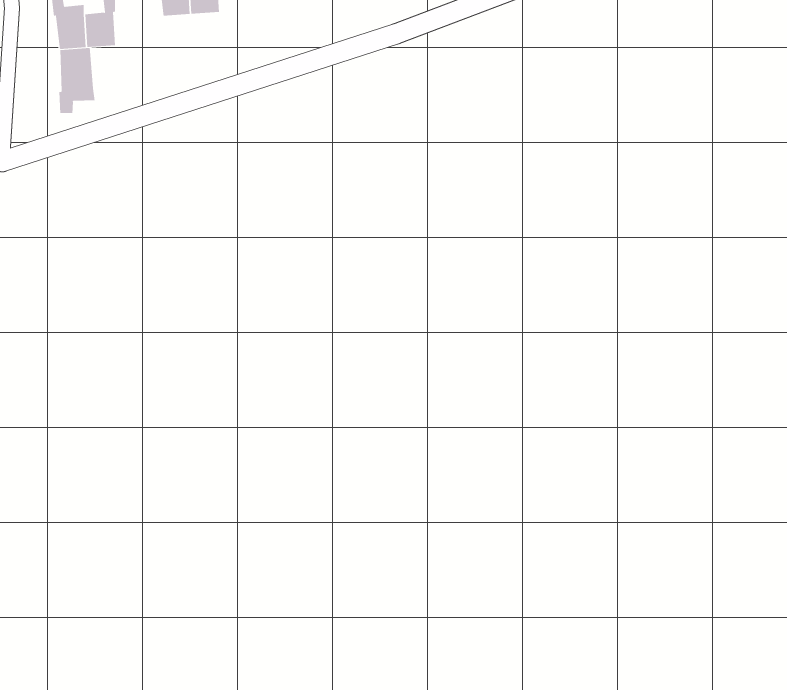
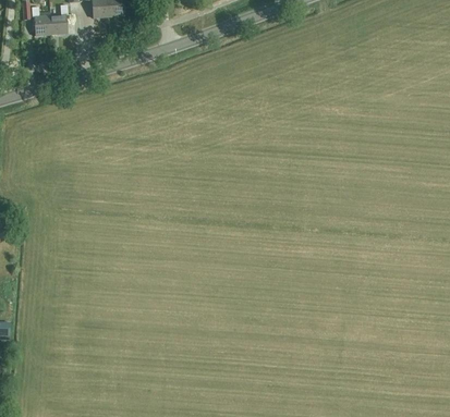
building: [59,47,95,114] -> none

